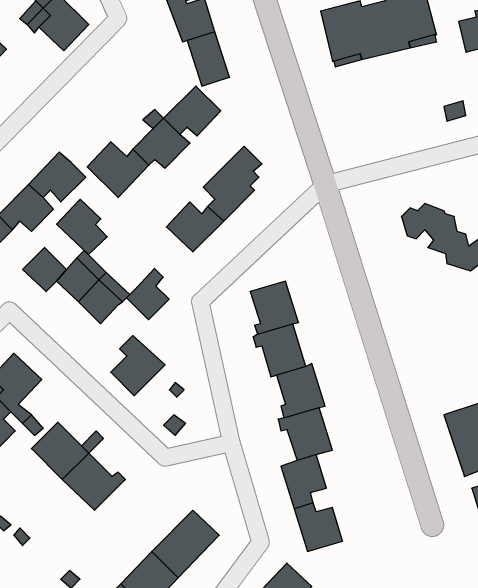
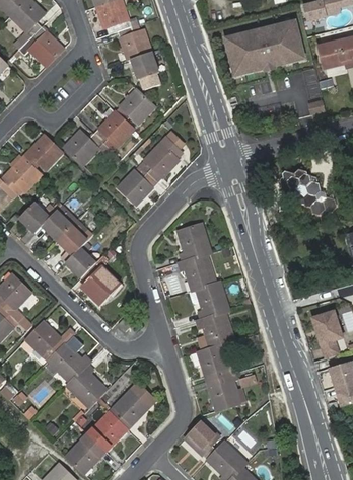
building: [57,199,107,255] -> none
building: [126,268,169,320] -> [65,241,94,276]
building: none -> [65,365,104,407]

